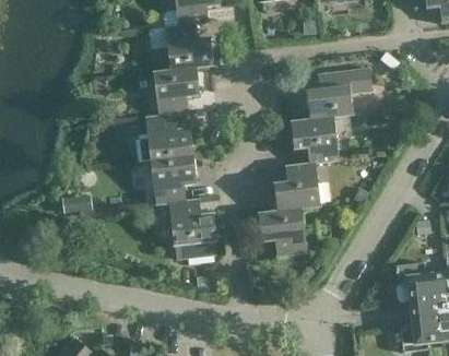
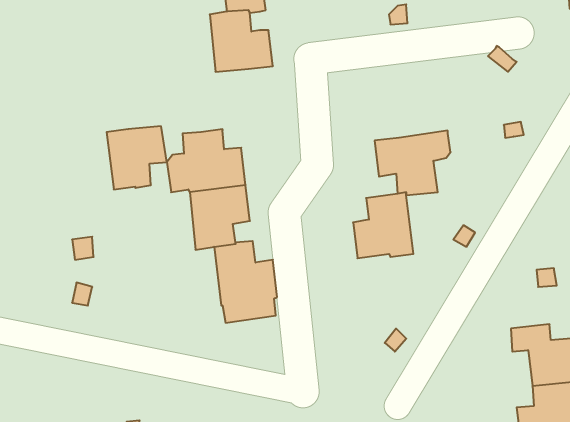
building: [153,67,199,115] -> [107,126,167,189]
building: [306,68,371,119] -> none
building: [258,207,307,256] -> none

